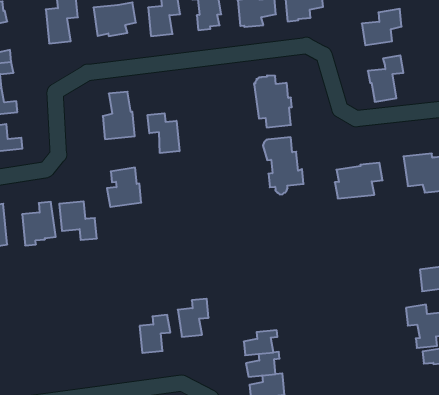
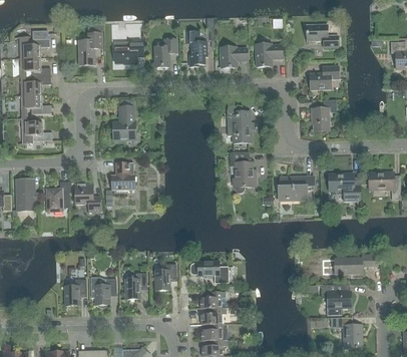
building: [148,113,179,153] -> none
building: none -> [189,260,228,282]
building: none -> [90,276,116,307]
building: none -> [63,279,86,305]

